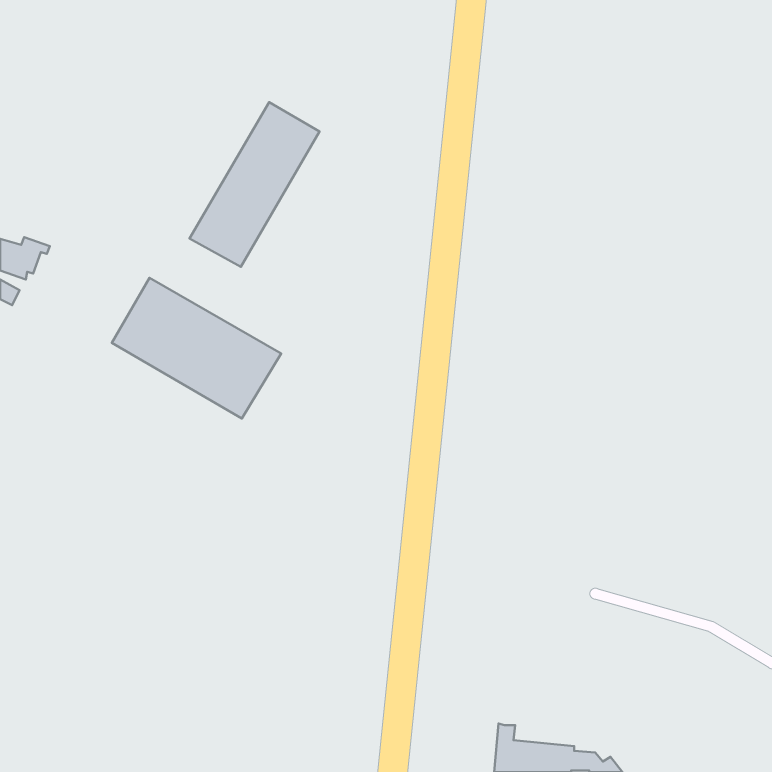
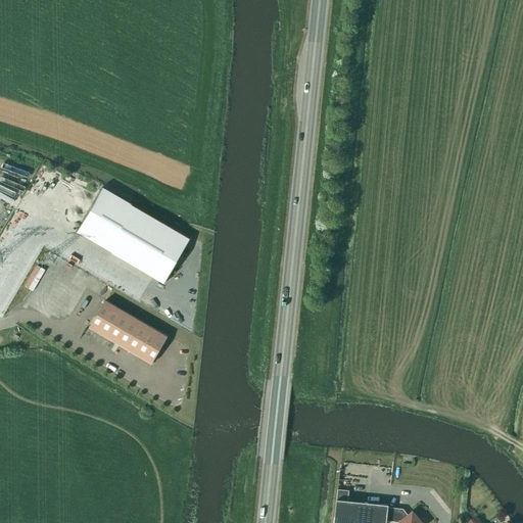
building: [189,102,319,267] -> none
building: none -> [89,300,168,364]

